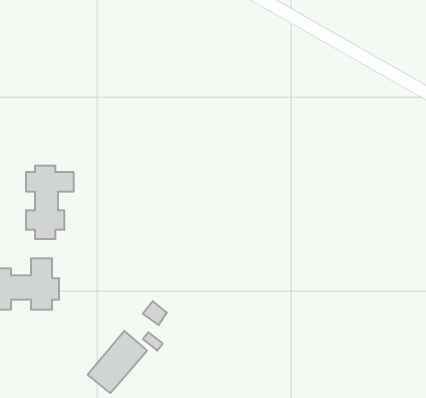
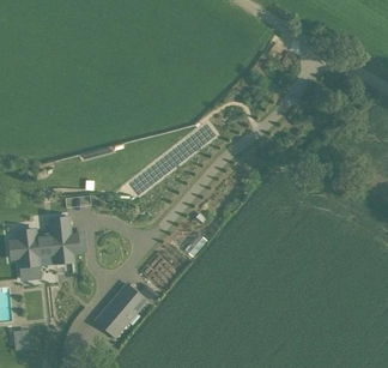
building: [26,165,73,239] -> none

